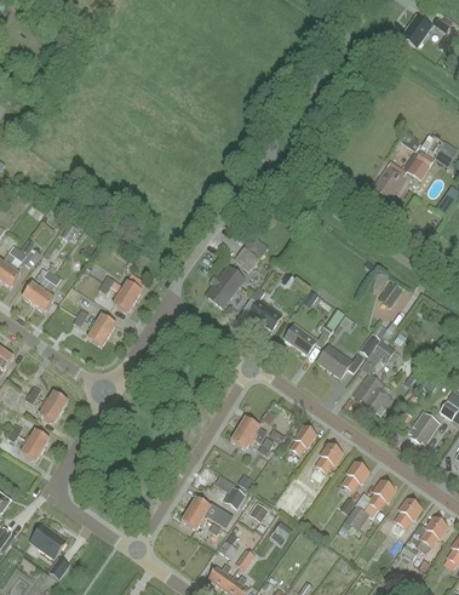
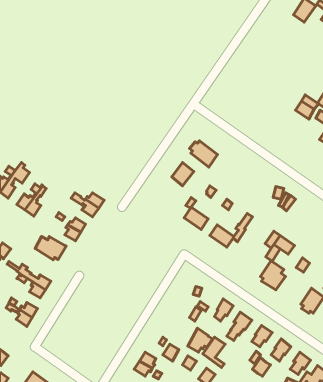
building: [372,165,402,200] -> none
building: none -> [190,141,218,167]
building: [208,264,248,308] -> none
building: none -> [35,236,66,260]
building: [319,344,365,377] -> none
building: [233,416,266,448] -> [188,328,213,352]

